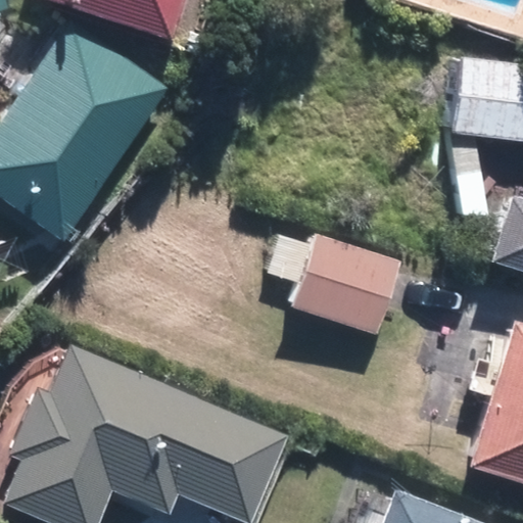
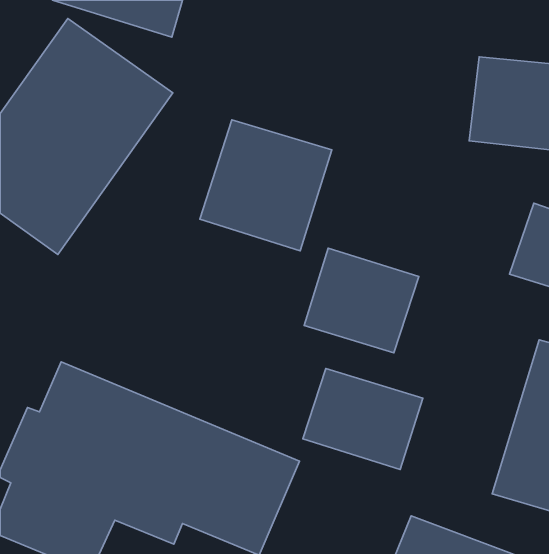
building: none -> [200,120,332,251]
building: none -> [303,369,423,470]

